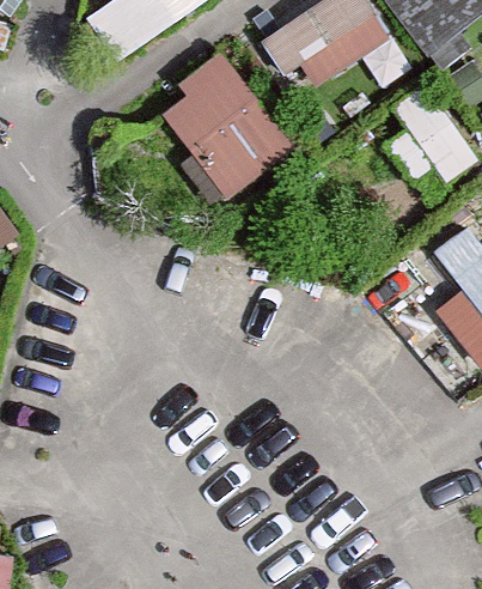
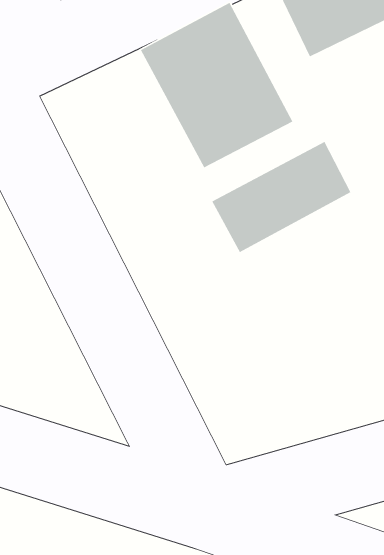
building: none -> [211,141,352,253]

